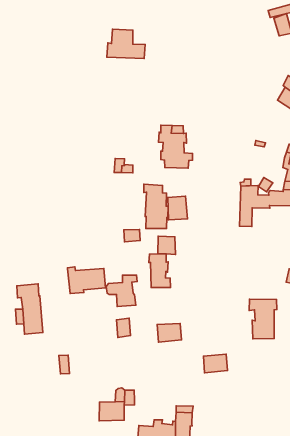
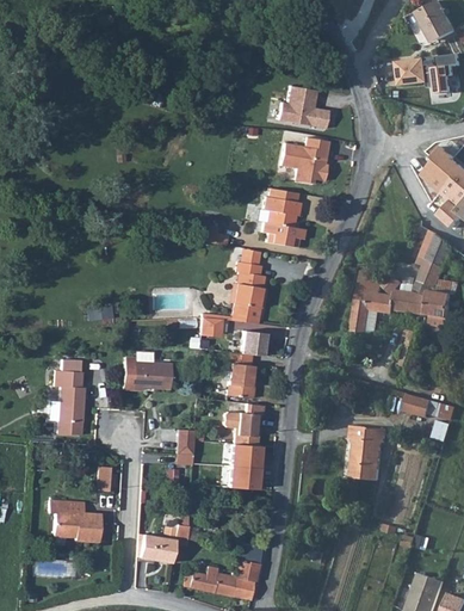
building: none -> [396,60,431,88]
building: [107,29,145,58] -> [279,86,330,129]
building: none -> [280,138,329,184]
building: [168,196,188,220] -> none
building: [106,275,137,307] -> [224,403,265,444]
building: [203,354,228,373] -> [228,467,259,489]
building: none -> [50,502,100,542]

